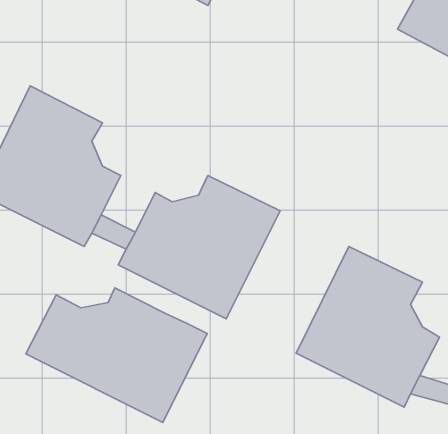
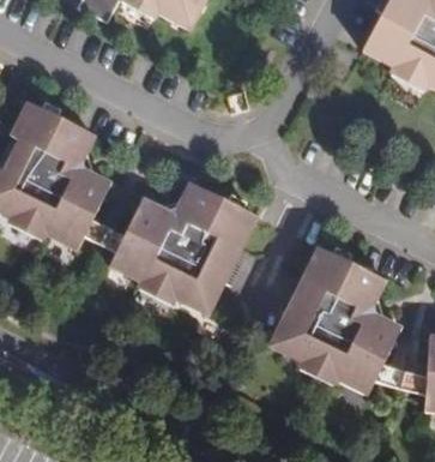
building: [26,288,207,422] -> none

